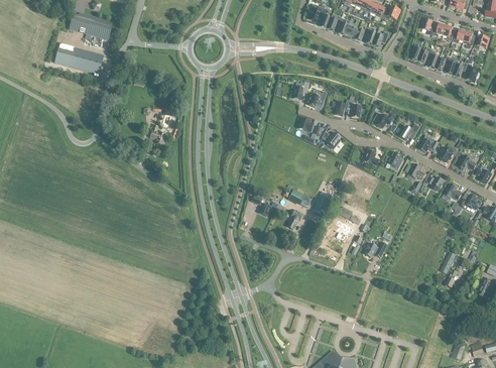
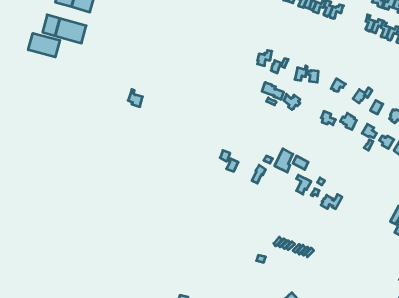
building: none -> [28,33,60,57]

